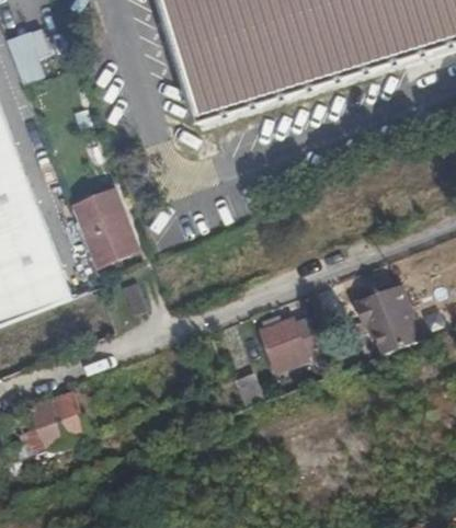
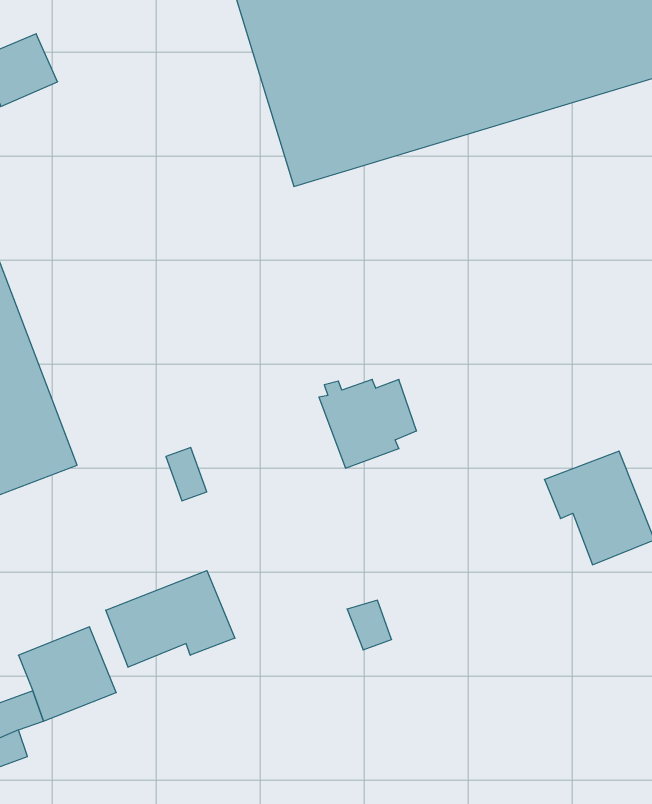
building: [75,182,142,262] -> none
building: [258,315,318,370] -> [319,379,417,468]
building: none -> [106,571,235,667]

